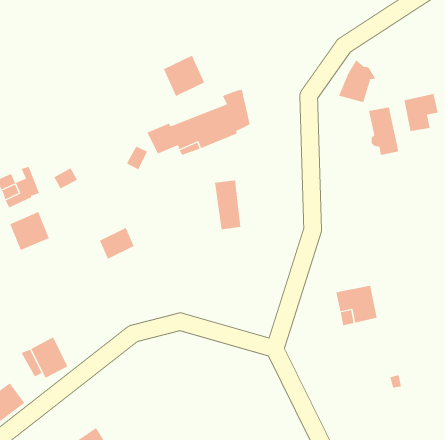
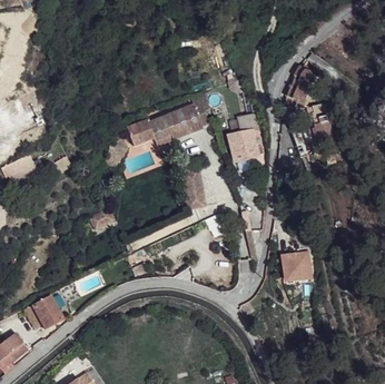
building: [163,55,205,97] -> none
building: [404,93,438,132] -> none
building: none -> [228,130,258,161]
building: [9,211,50,251] -> none

